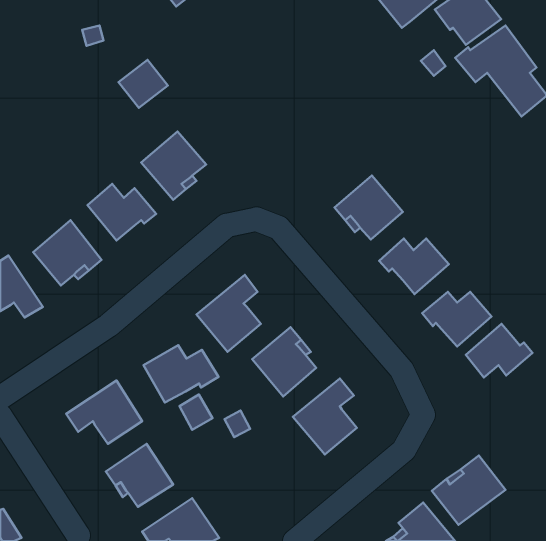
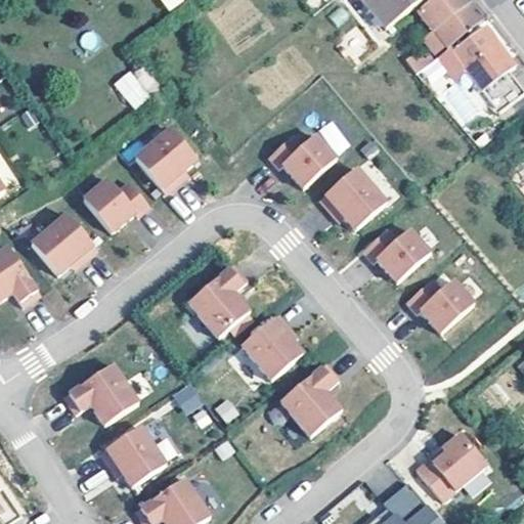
building: none -> [267,133,335,186]
building: [466,324,533,377] -> none
building: [143,345,218,403] -> none

